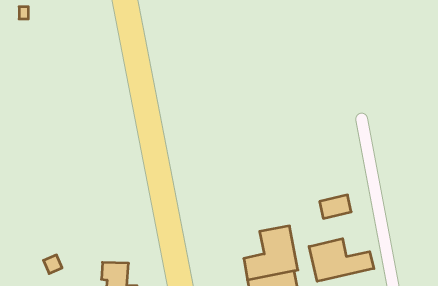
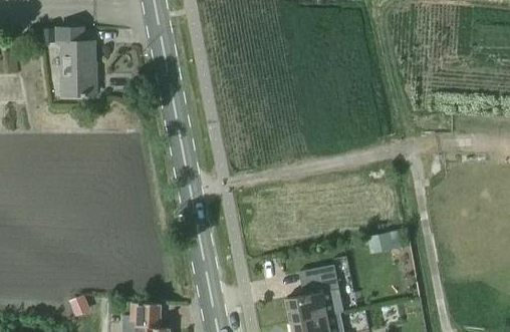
building: none -> [55,29,93,95]
building: [309,239,374,281] -> none

